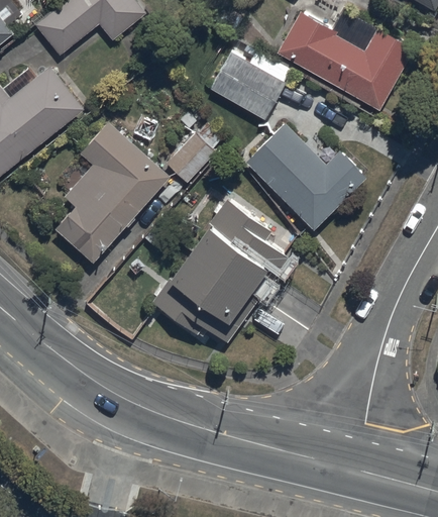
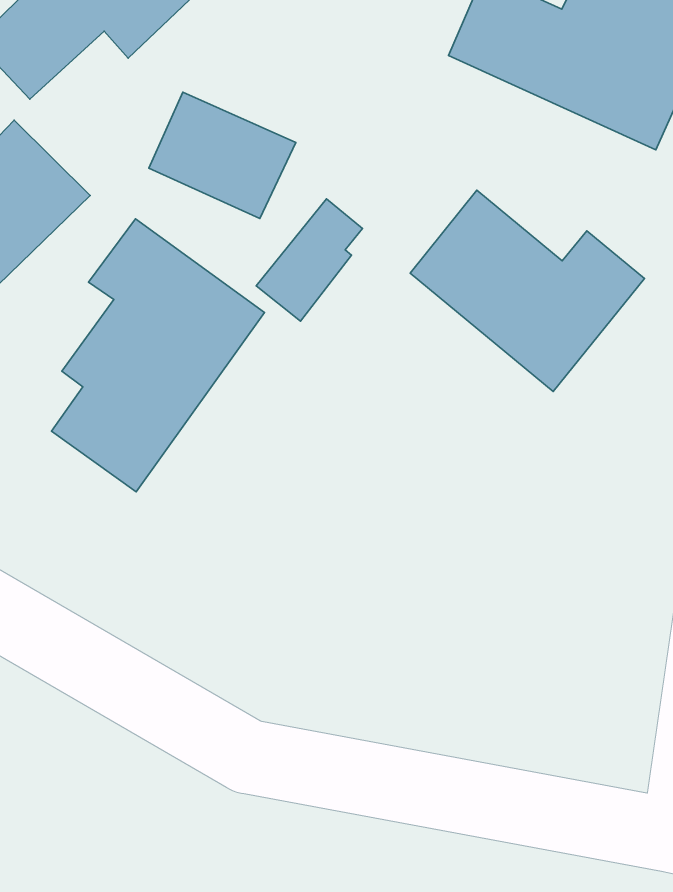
building: [211,51,288,120] -> [149,92,296,218]
building: [151,201,291,342] -> none

